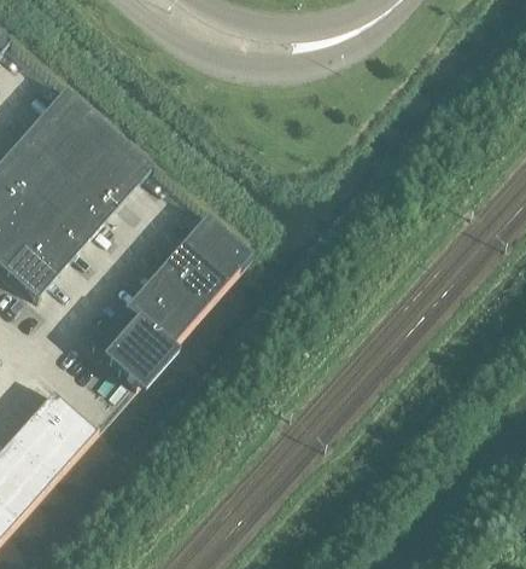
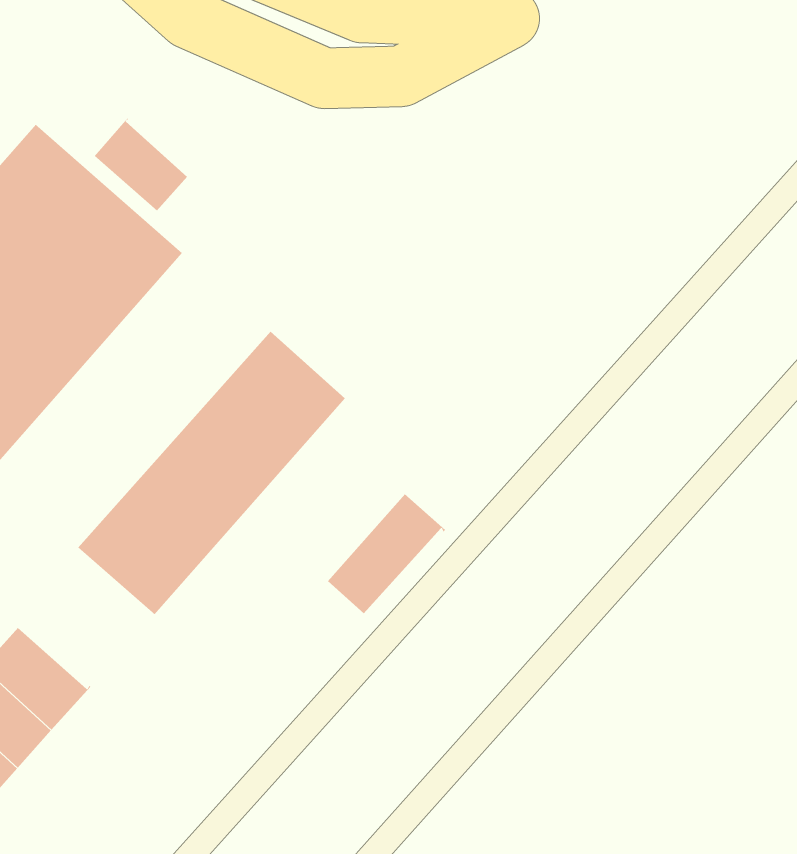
building: none -> [94,118,188,211]
building: none -> [327,493,446,614]

